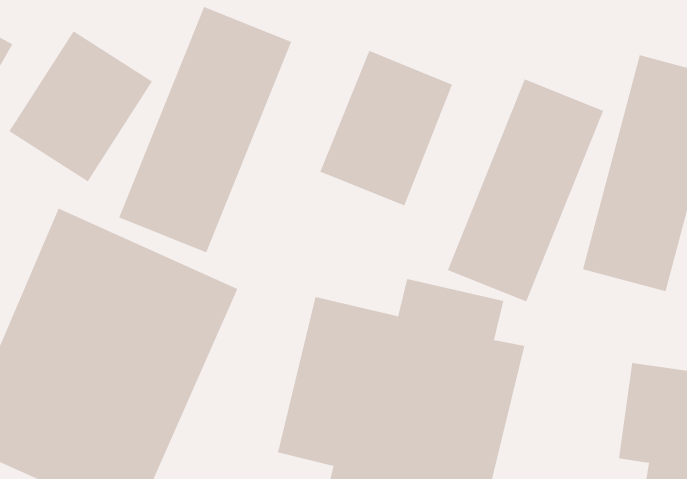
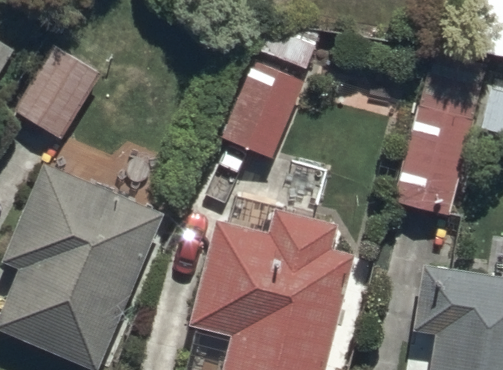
building: [118,6,292,253] -> none
building: [447,79,604,302] -> none

